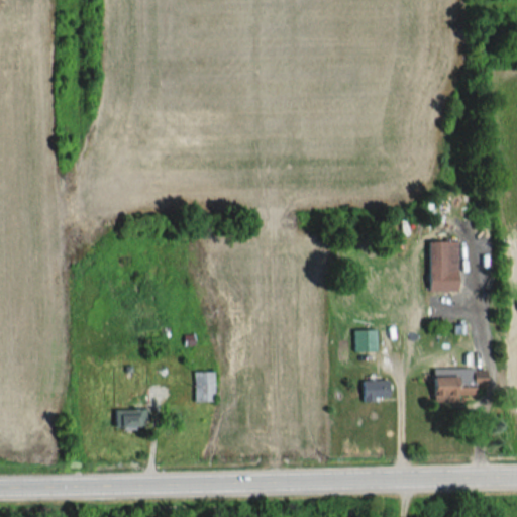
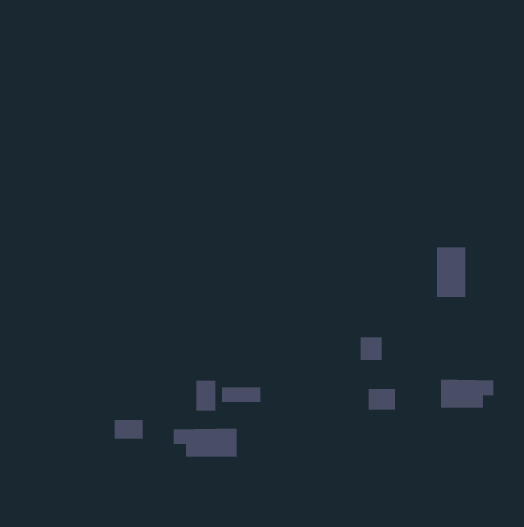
building: none -> [221,387,261,403]
building: none -> [173,428,237,457]

